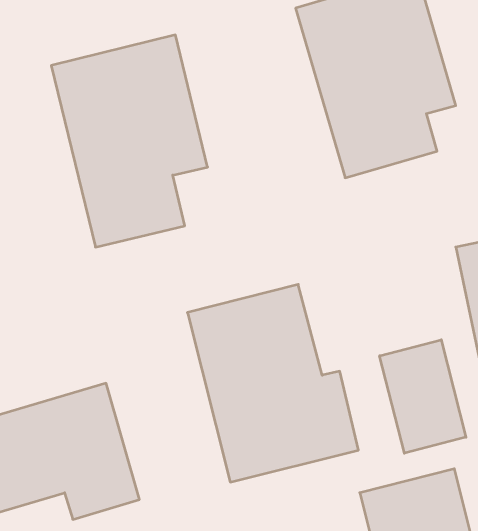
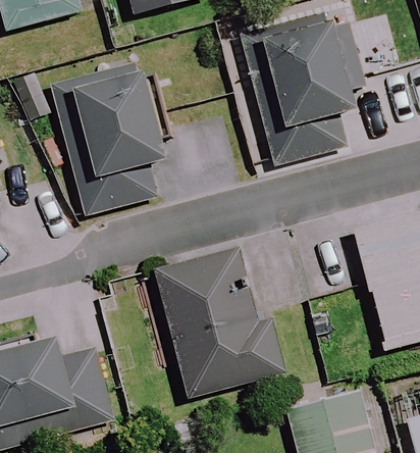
building: [380,340,466,453] -> none

